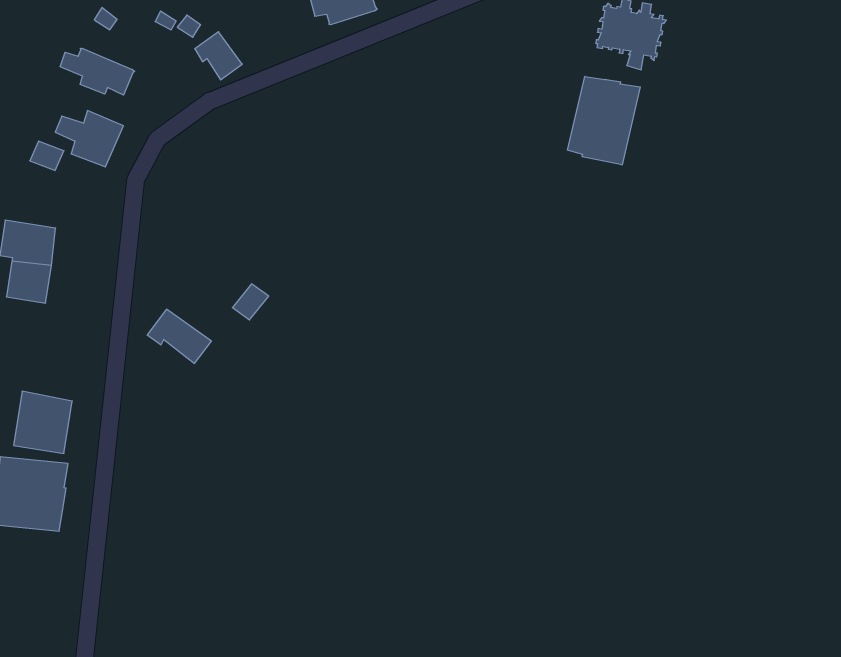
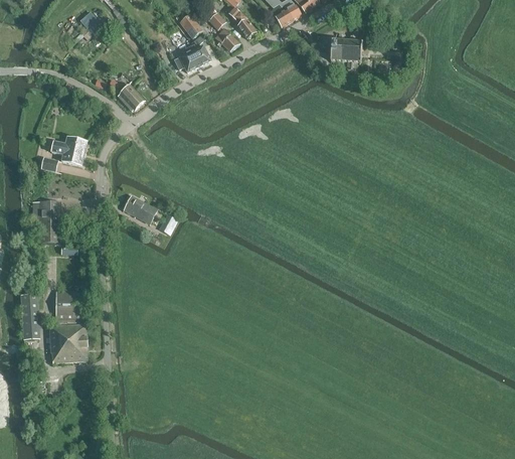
building: [60,48,135,95] -> none
building: [568,76,640,165] -> none
building: [147,309,211,363] -> [123,195,157,221]

